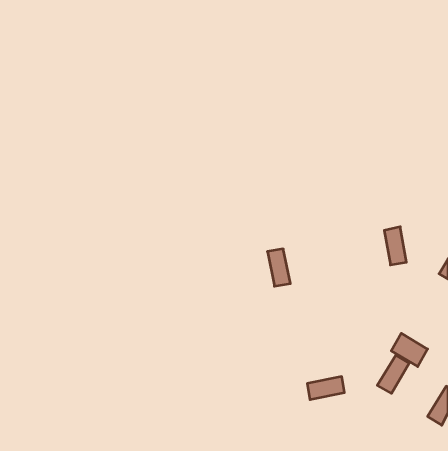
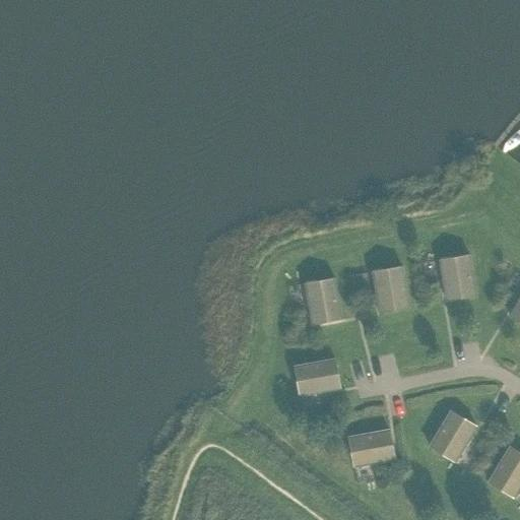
building: none -> [374,272,400,316]
building: none -> [296,360,338,385]
building: [391,333,428,367] -> none

